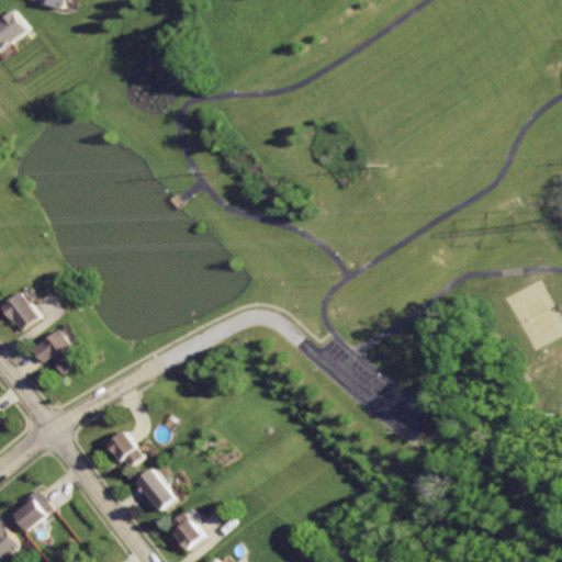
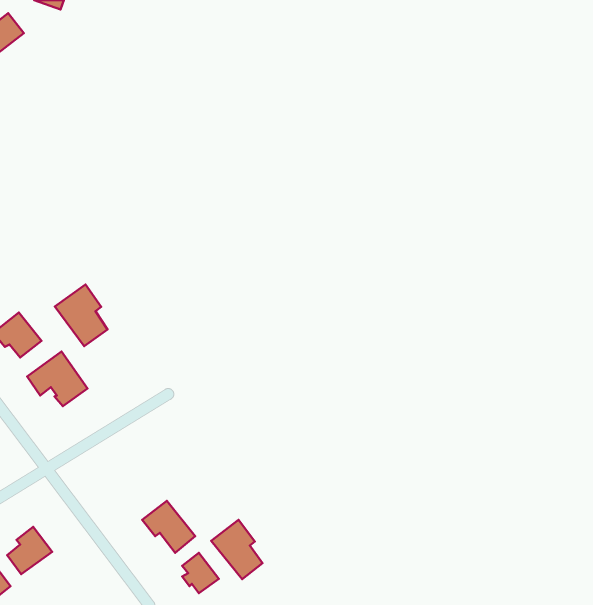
building: none -> [55,285,108,346]
building: [108,429,147,467] -> none
building: none -> [211,520,263,579]

